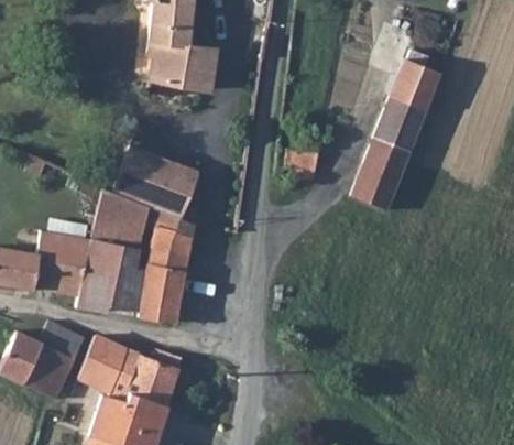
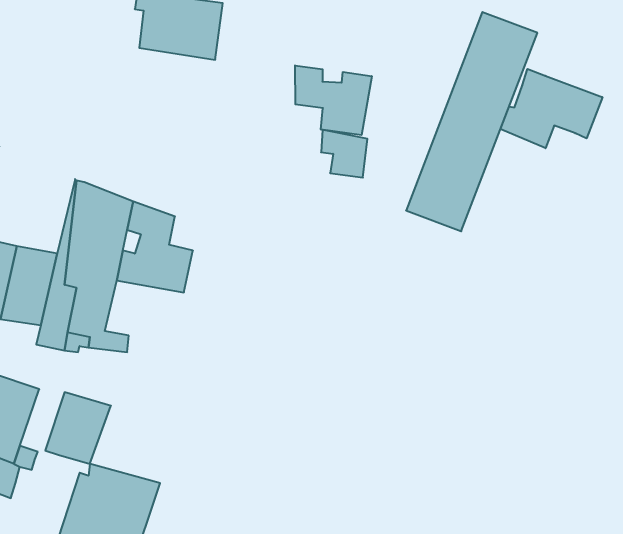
building: none -> [295,65,372,135]
building: none -> [500,69,602,148]
building: [110,141,201,232] -> none
building: [125,254,184,316] -> none
building: [114,347,179,404] -> none

